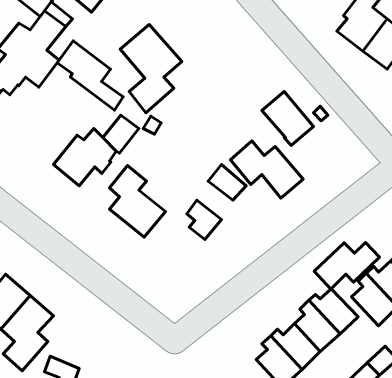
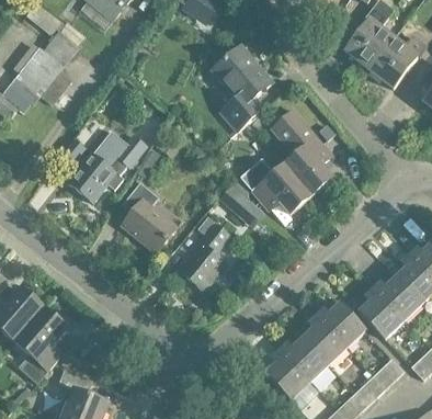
building: [120,24,182,113] -> [212,46,272,133]
building: [57,41,123,110] -> none
building: none -> [284,152,332,195]
building: none -> [178,242,226,291]
building: [314,242,380,289] -> none

